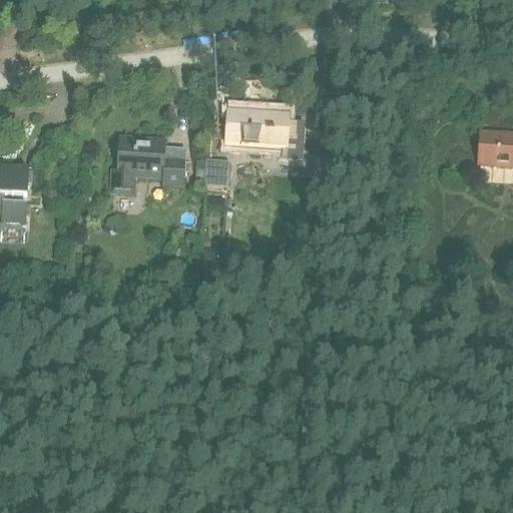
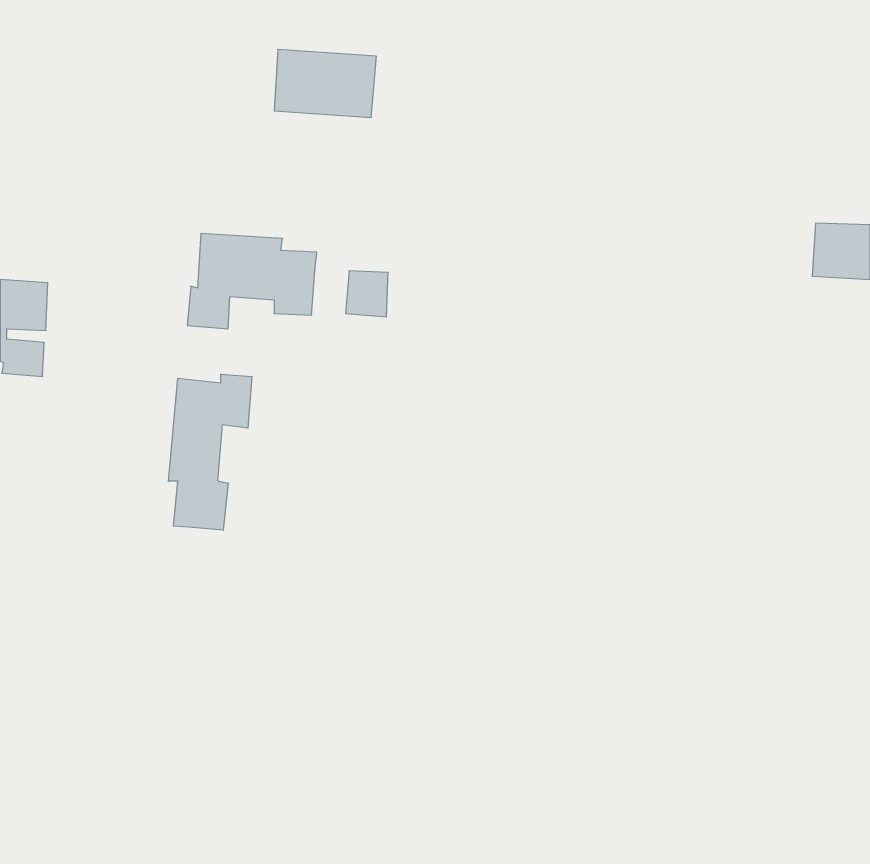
building: [227,107,288,147] -> [274,49,376,118]
building: none -> [168,374,252,530]

